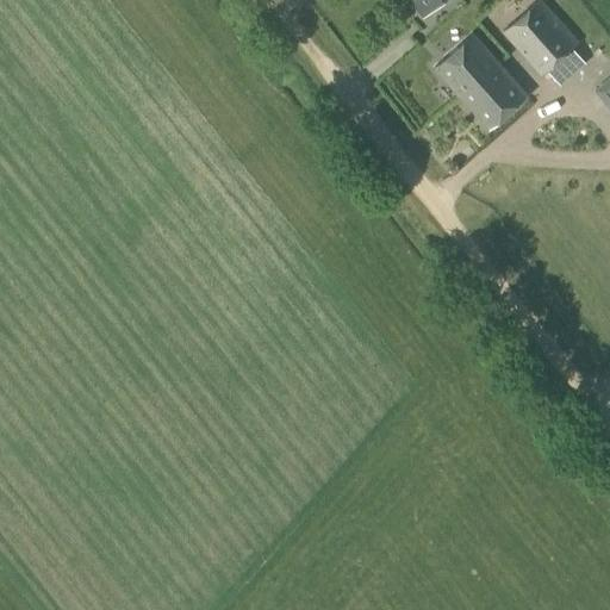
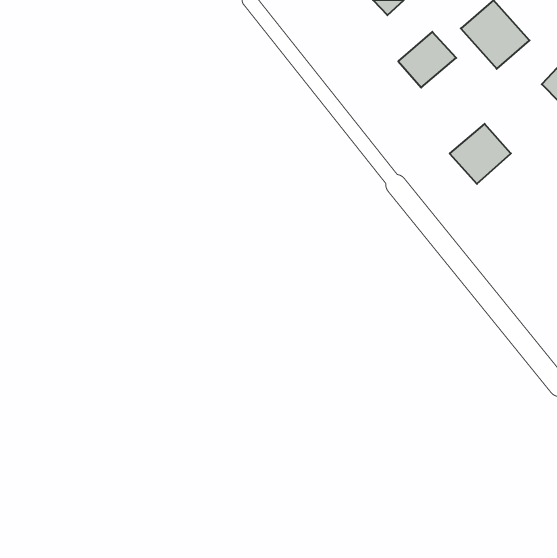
building: [461,64,528,130] -> [450,124,511,184]

